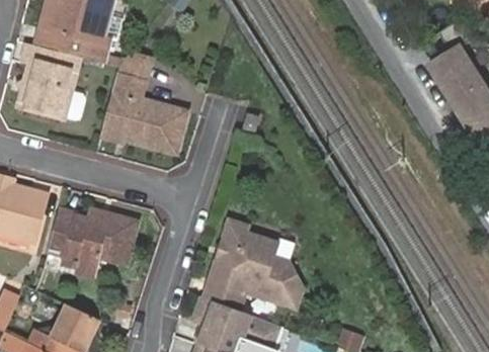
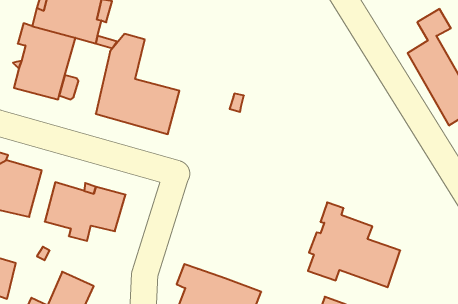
building: [210,227,307,316] -> [308,202,400,287]

